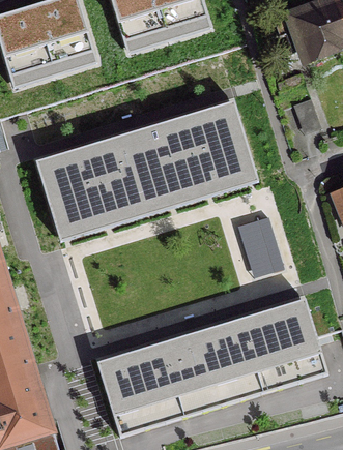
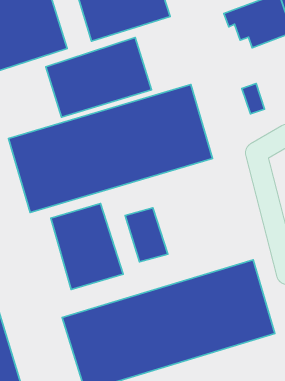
building: none -> [46,37,151,117]
building: [238,215,285,274] -> [125,208,168,262]
building: none -> [51,203,123,290]

